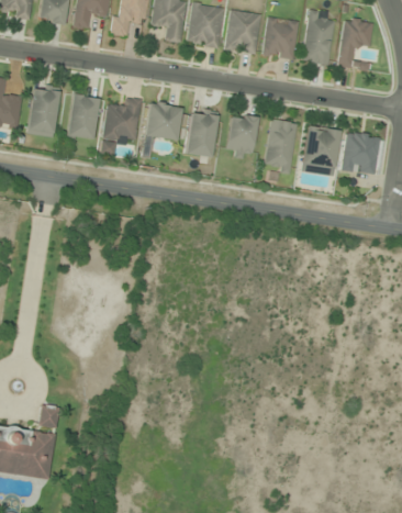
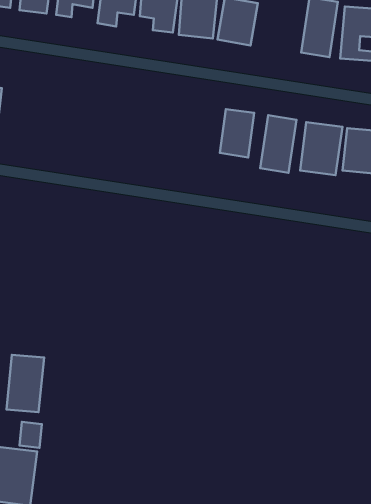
building: [263,16,298,57] -> none
building: [29,85,60,136] -> none
building: [67,93,100,140] -> none
building: [101,97,142,155] -> none
building: [145,102,181,142] -> none
building: [186,110,219,156] -> none
building: none -> [6,355,44,412]

